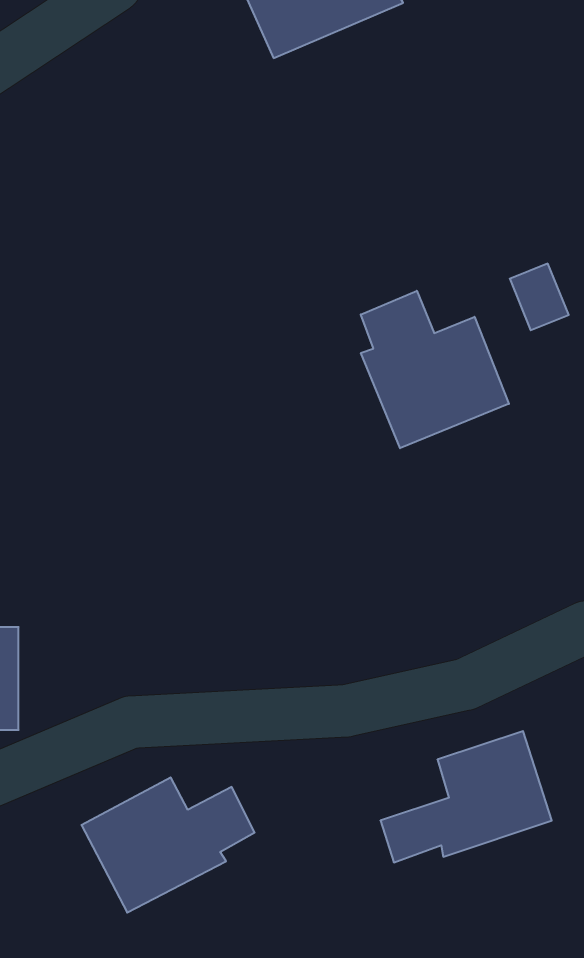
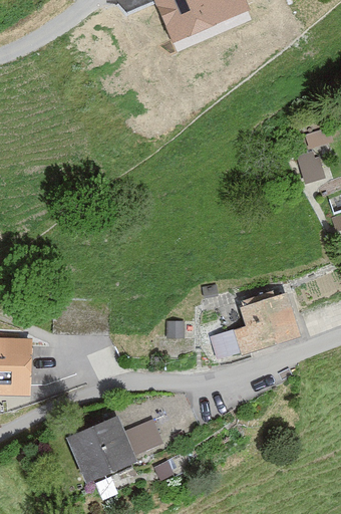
building: [361,291,509,448] -> none
building: [380,731,552,862] -> [210,289,300,358]

